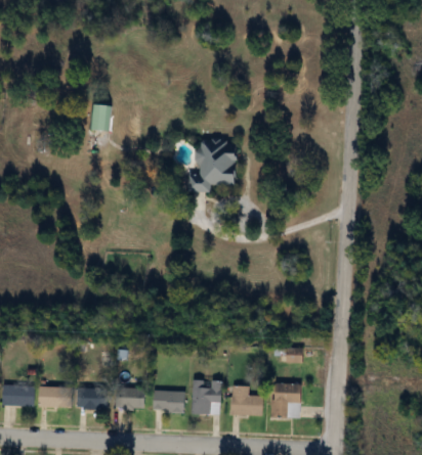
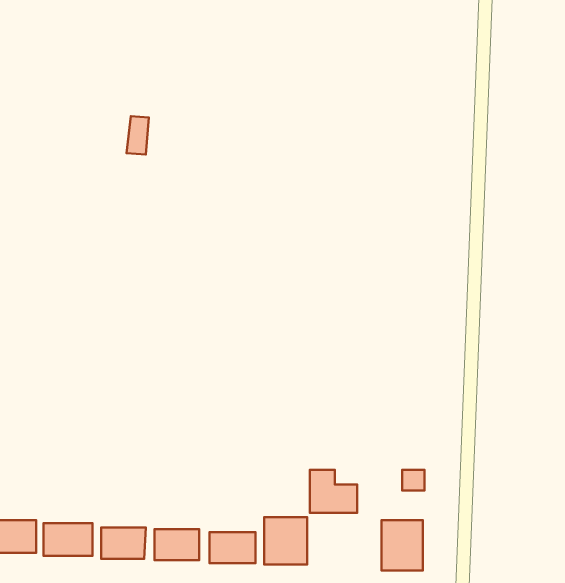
building: [188,140,238,192] -> none
building: [229,385,262,415] -> [310,470,357,513]

